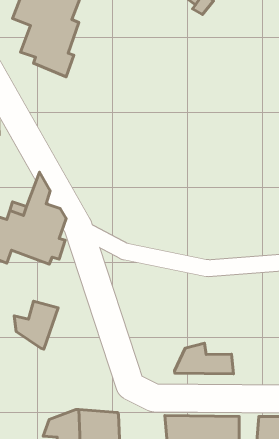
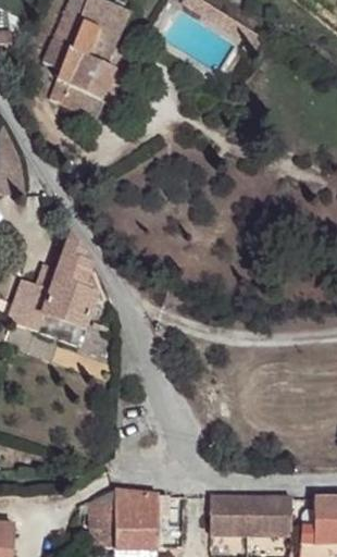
building: [14,301,58,349] -> none
building: [175,343,233,374] -> none

